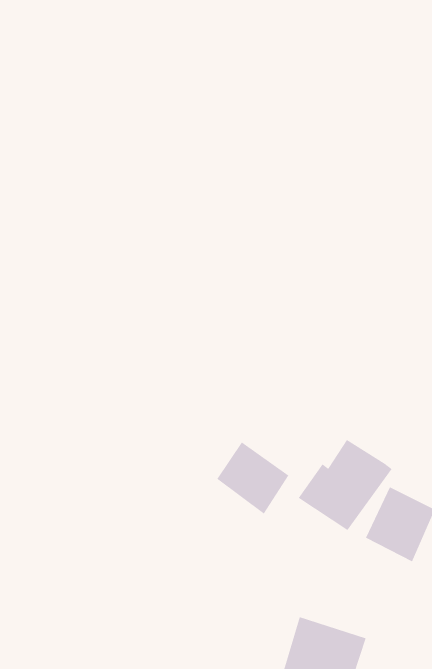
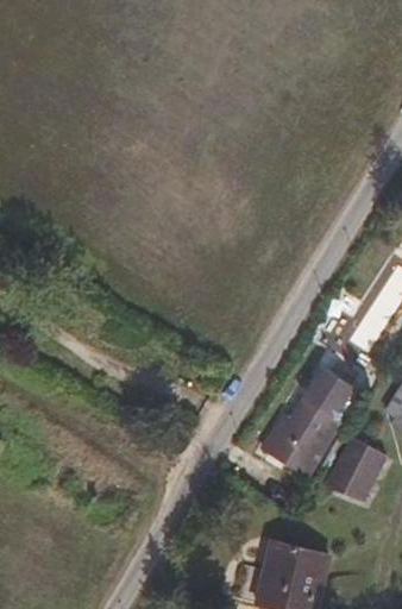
building: none -> [308,365,357,416]
building: [217,442,289,514] -> none

